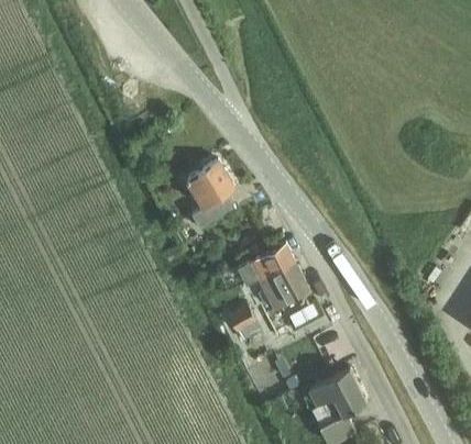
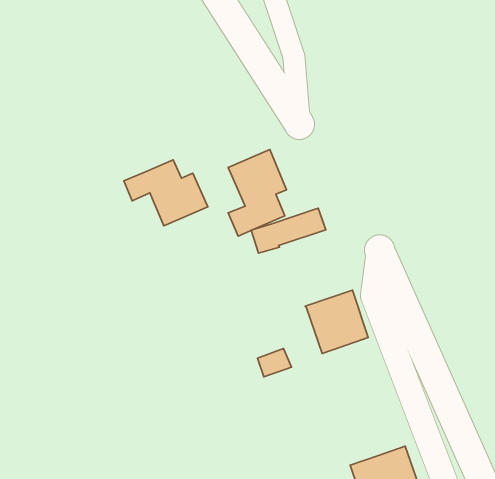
building: none -> [124,160,208,226]
building: [239,246,295,286] -> [251,208,326,253]

